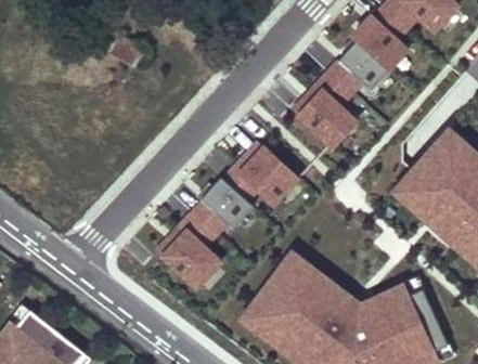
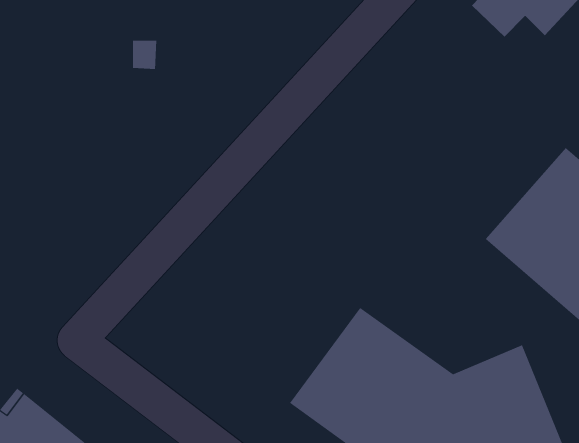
building: [287,15,409,151] -> none
building: [228,138,302,209] -> none
building: [152,177,251,291] -> none

